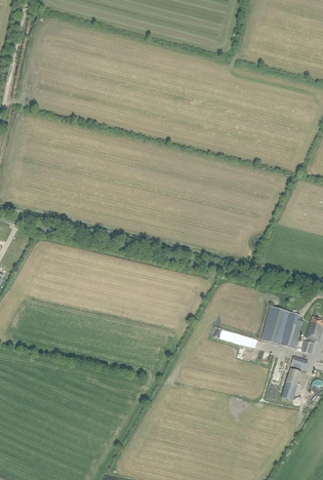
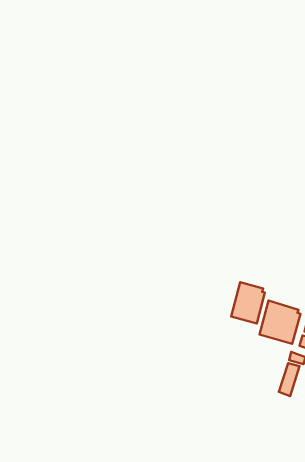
building: none -> [231,282,265,324]

